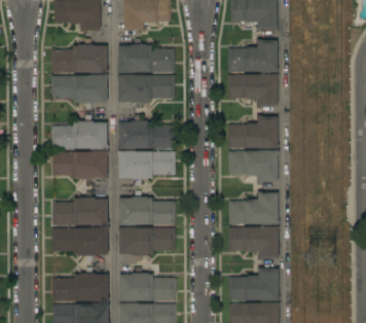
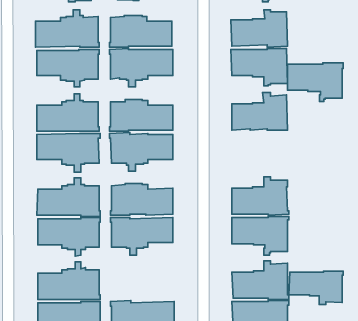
building: [228,150,279,185] -> [288,63,343,102]
building: [118,273,176,301] -> none
building: none -> [289,271,343,305]

